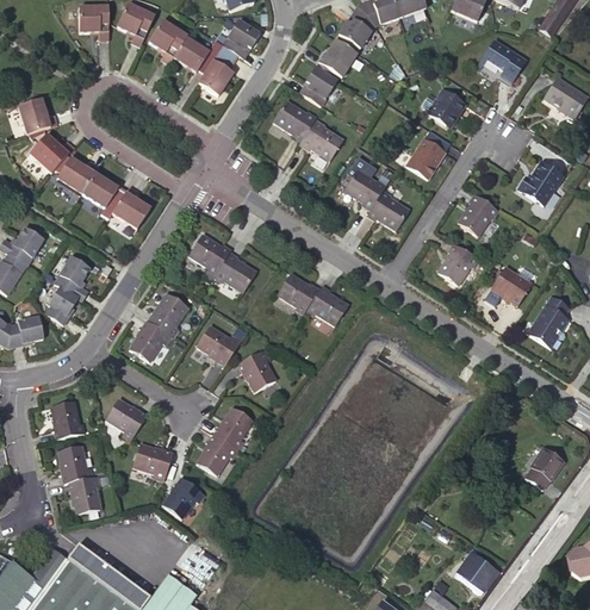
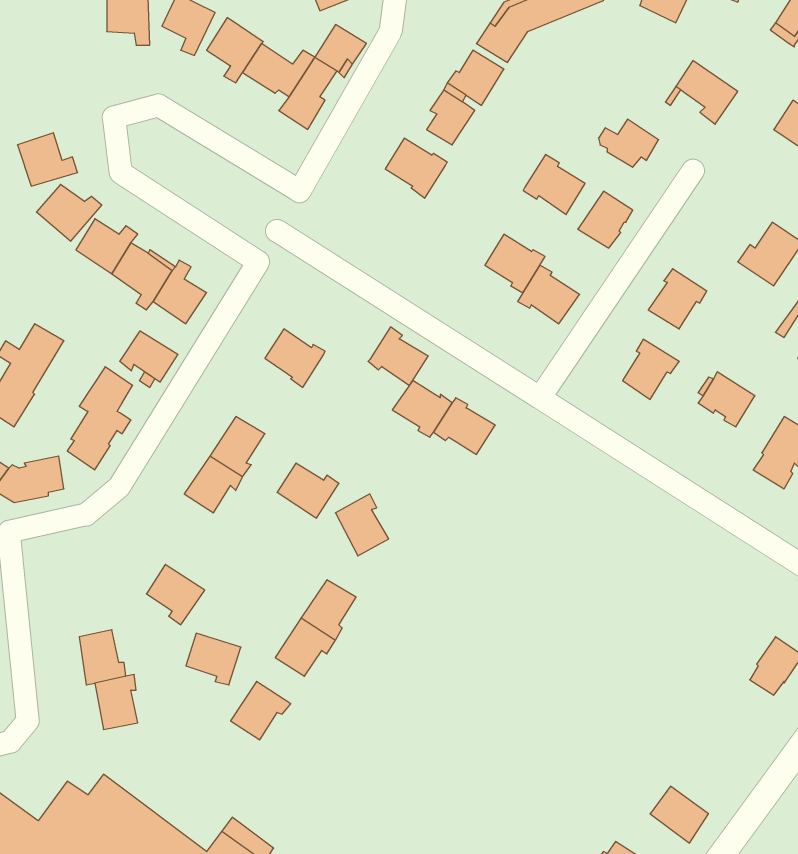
building: [299,120,342,162] -> [523,154,585,215]
building: none -> [120,331,178,382]
building: [215,251,256,292] -> [368,327,428,385]
building: [54,398,87,436] -> none

